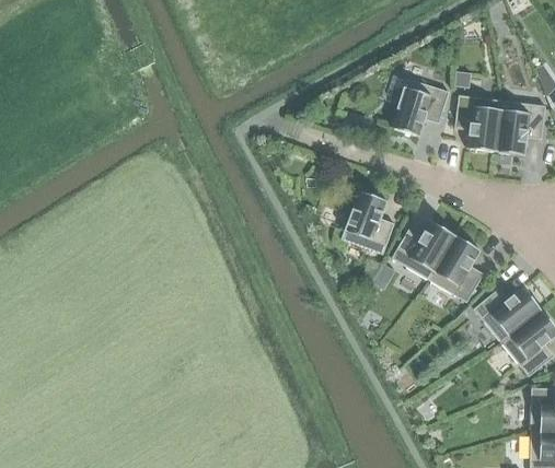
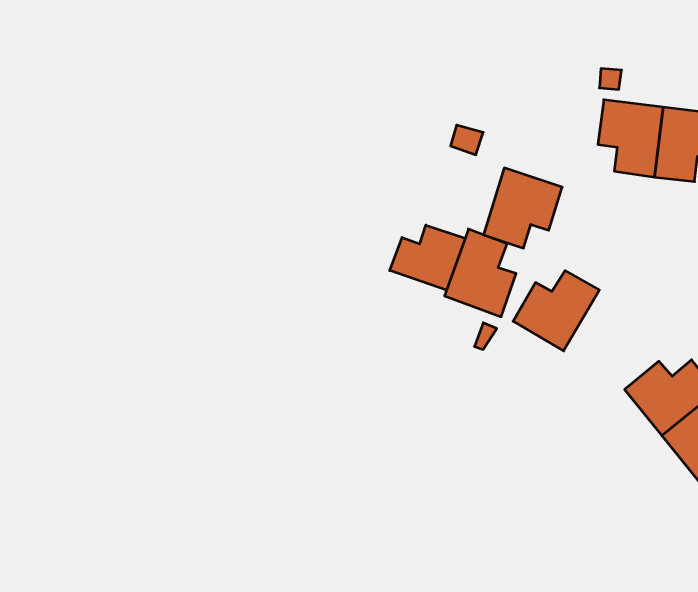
building: [391,78,449,137] -> [483,168,562,248]
building: none -> [390,225,465,290]
building: [429,235,484,302] -> none

